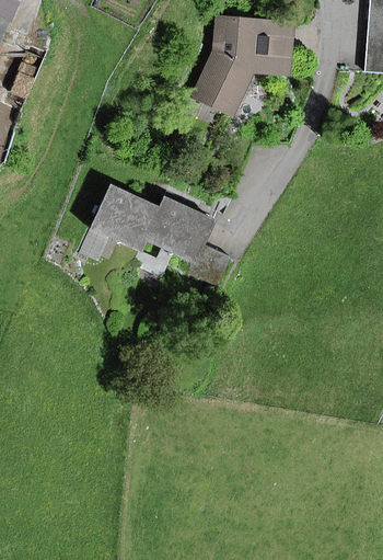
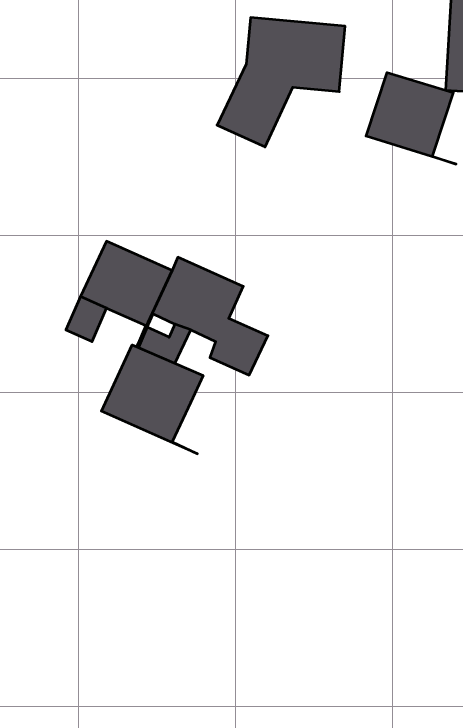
building: none -> [366,73,456,164]
building: none -> [101,345,203,454]

